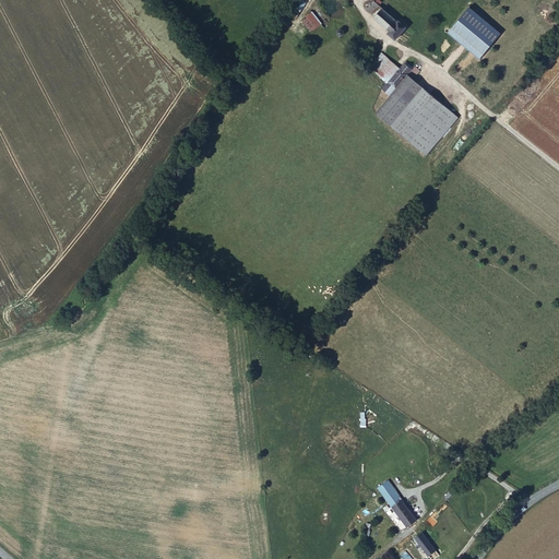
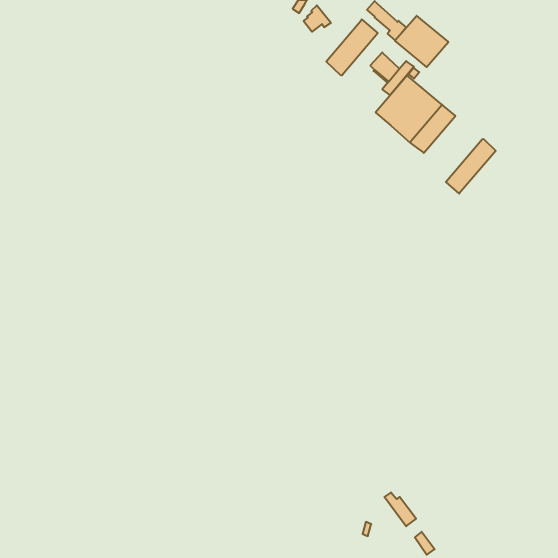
building: [448,8,501,59] -> [395,16,448,67]
building: none -> [326,19,378,75]
building: none -> [446,139,496,194]

